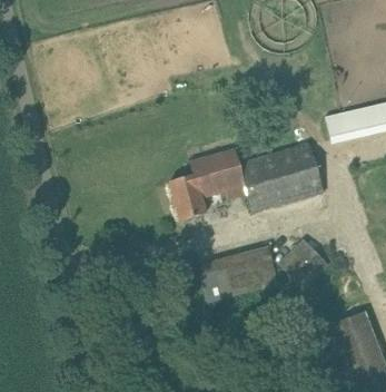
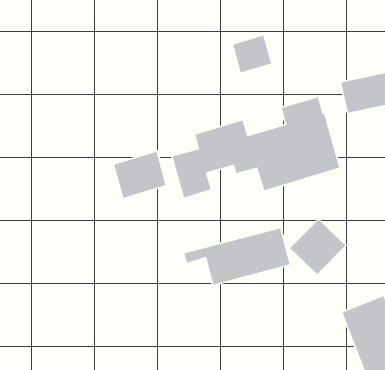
building: none -> [232,35,272,74]
building: none -> [113,151,167,199]

